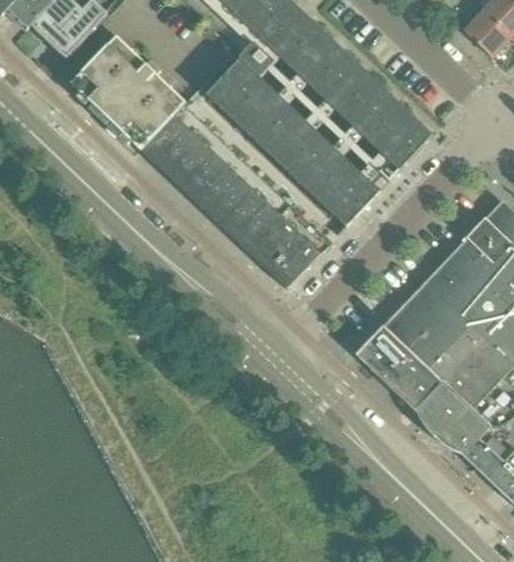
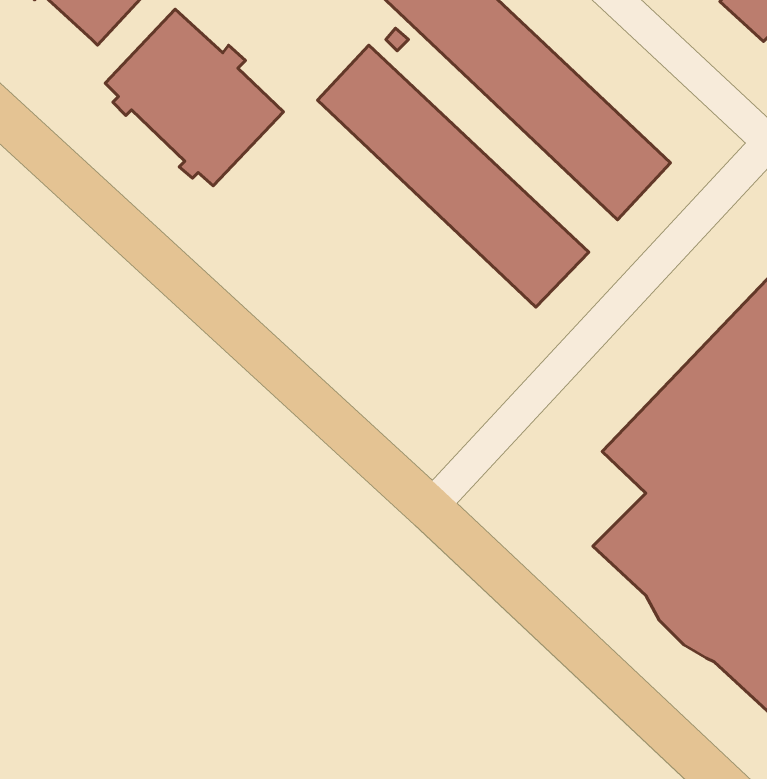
building: [139,101,331,288] -> none
building: [355,318,416,379] -> none

